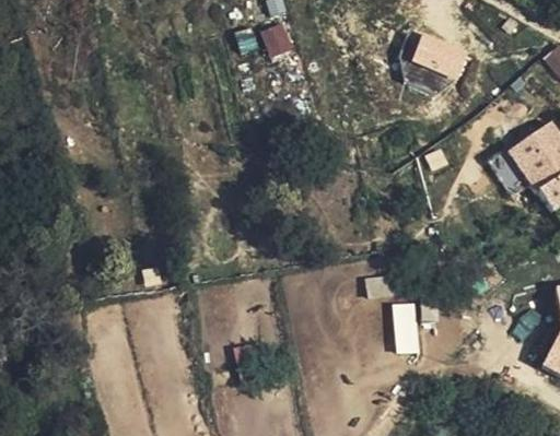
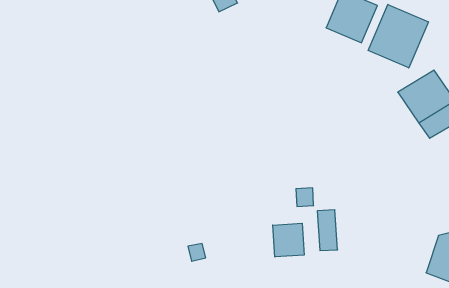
building: none -> [368,4,428,68]
building: none -> [273,223,304,257]

